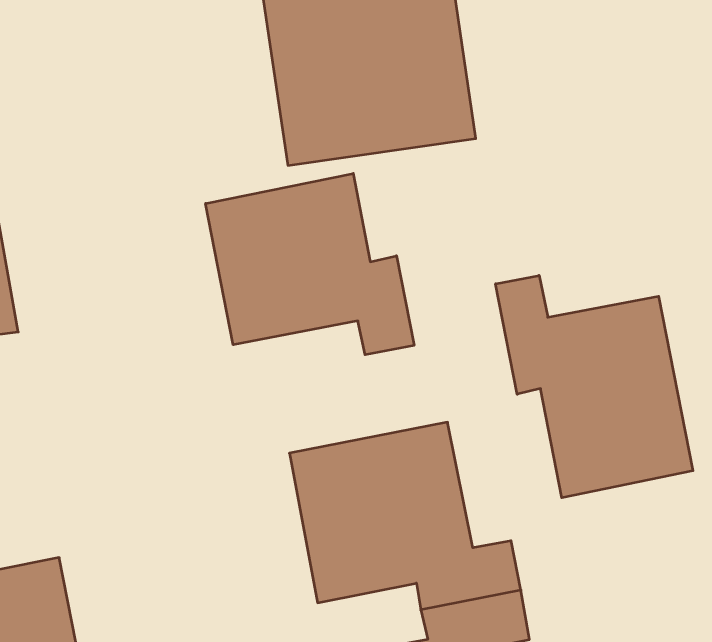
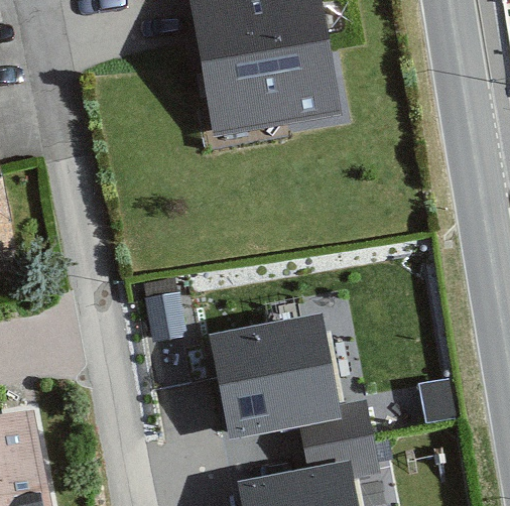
building: [206,173,414,355] -> none
building: [496,275,693,498] -> none

